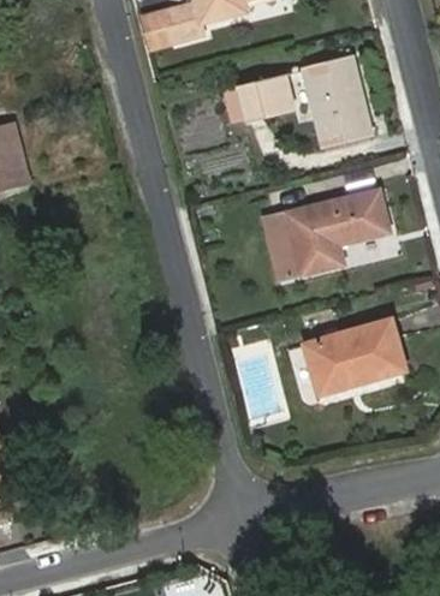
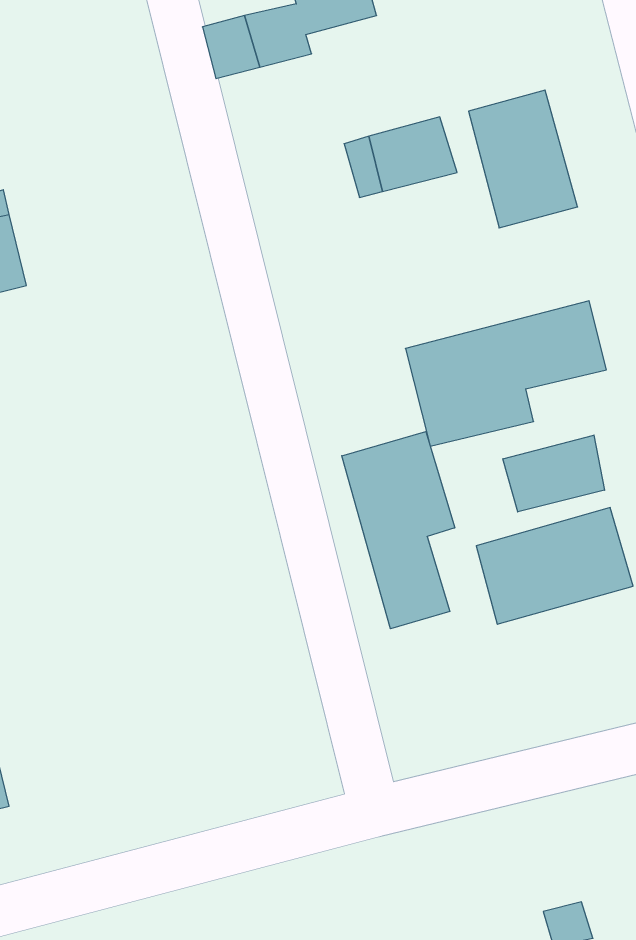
building: none -> [342,432,455,629]
building: none -> [503,435,605,512]

